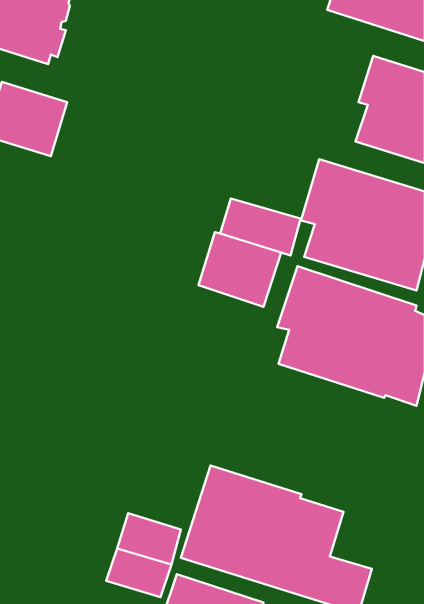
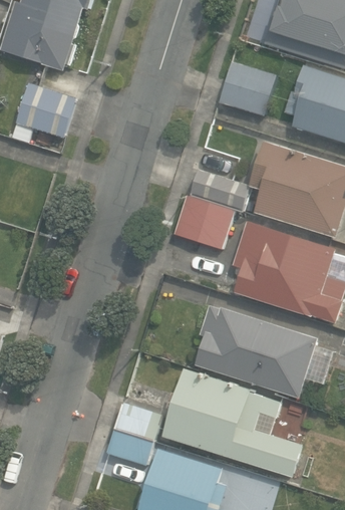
building: none -> [218,61,277,117]
building: none -> [194,305,332,399]

